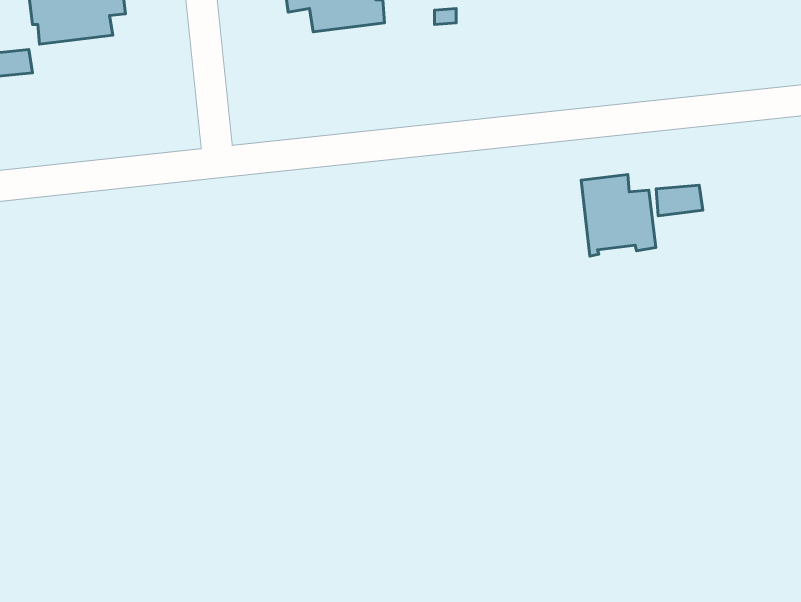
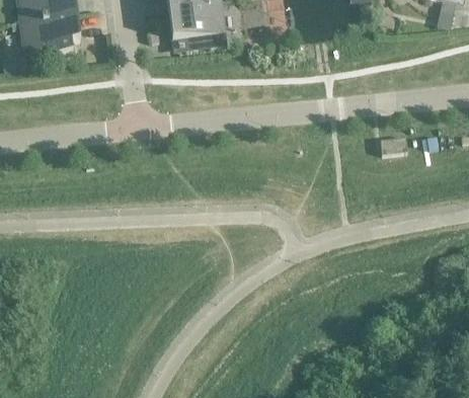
building: [581,175,656,256] -> none

